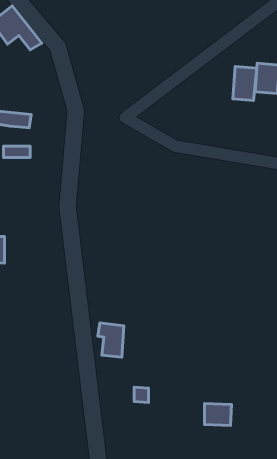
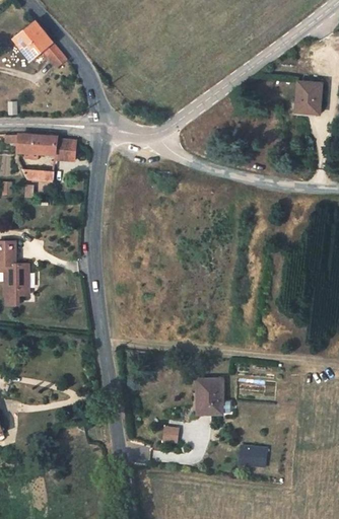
building: [233,66,257,101] -> none
building: none -> [53,137,76,159]
building: [98,323,124,357] -> [190,378,217,415]

